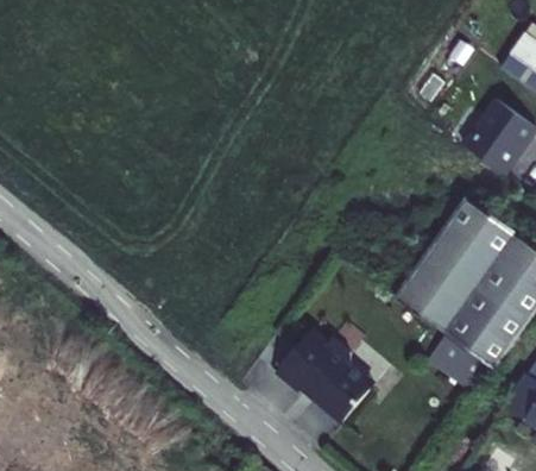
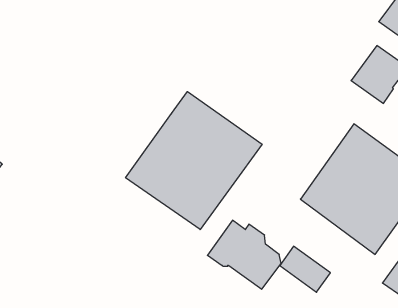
building: none -> [126,92,262,230]
building: [429,334,494,394] -> [280,246,330,292]

